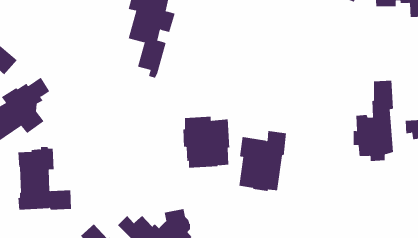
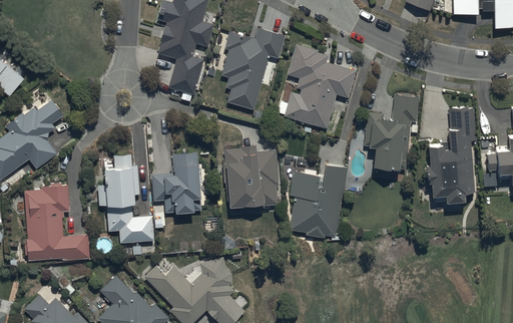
building: none -> [221,27,286,110]
building: none -> [279,44,357,128]
building: none -> [366,92,420,173]
building: none -> [152,152,202,215]
building: none -> [97,155,163,243]

